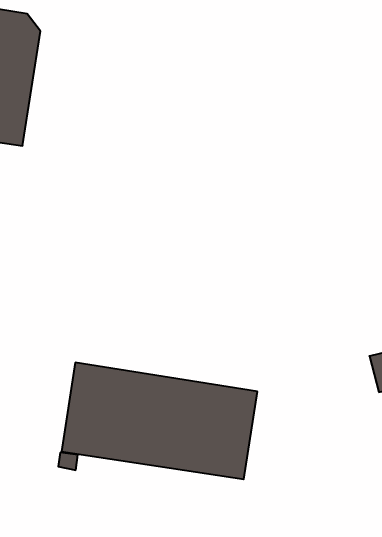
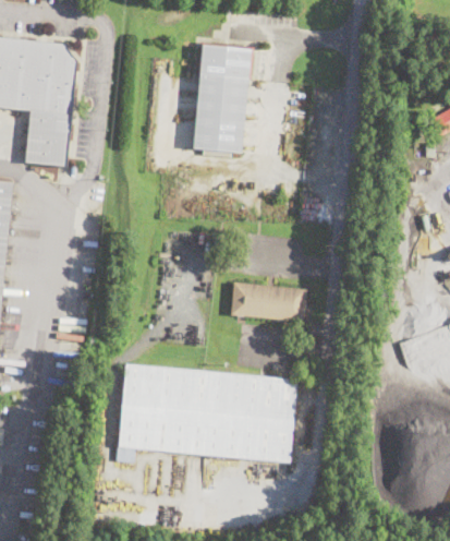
building: none -> [192,44,251,151]
building: none -> [230,282,306,322]

